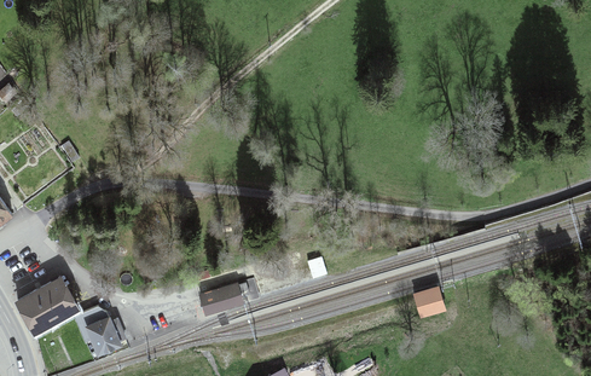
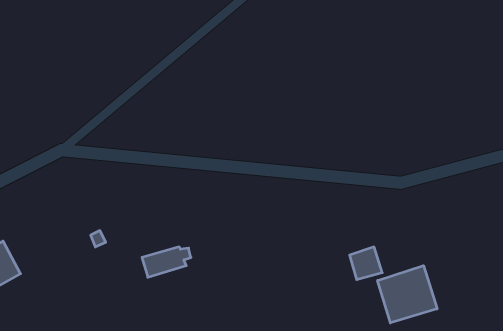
building: none -> [378,266,437,323]
building: [86,313,121,351] -> none

